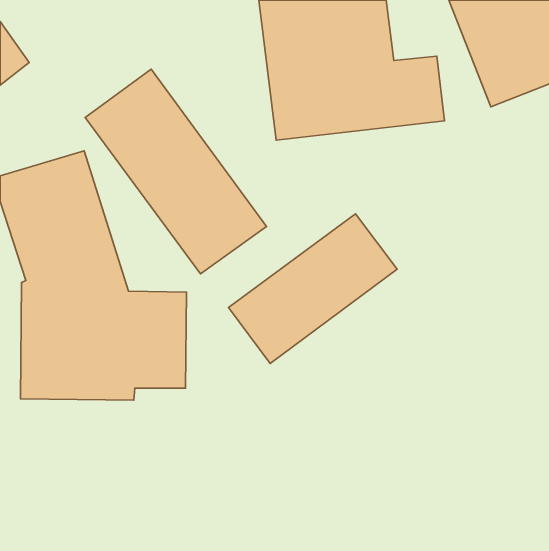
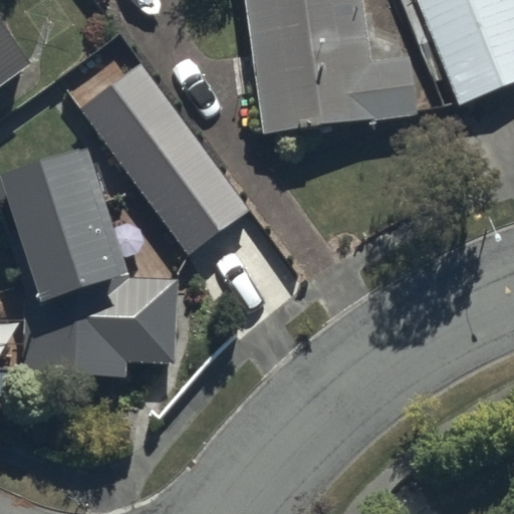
building: [229,214,397,364] -> none

